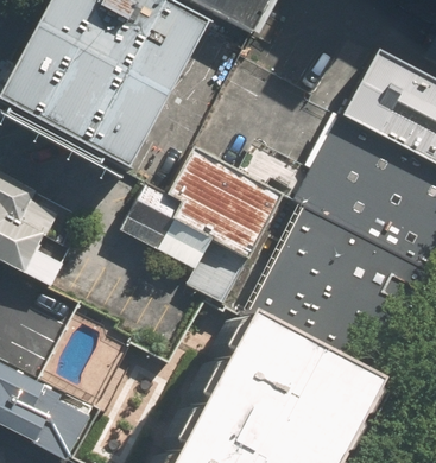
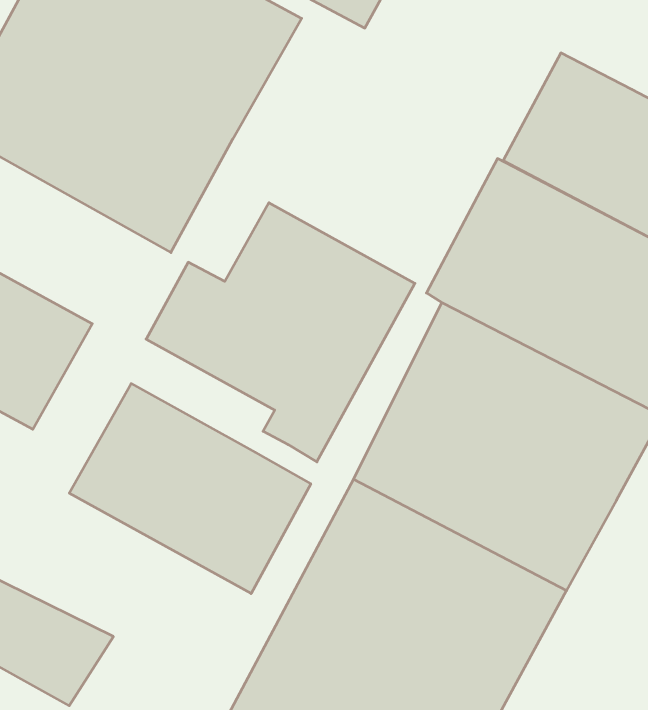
building: none -> [69,384,311,594]

